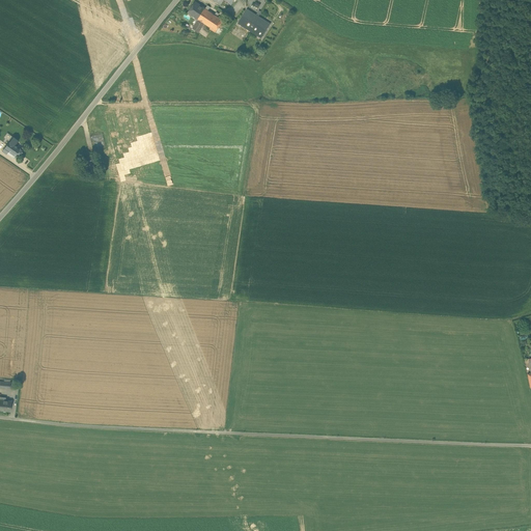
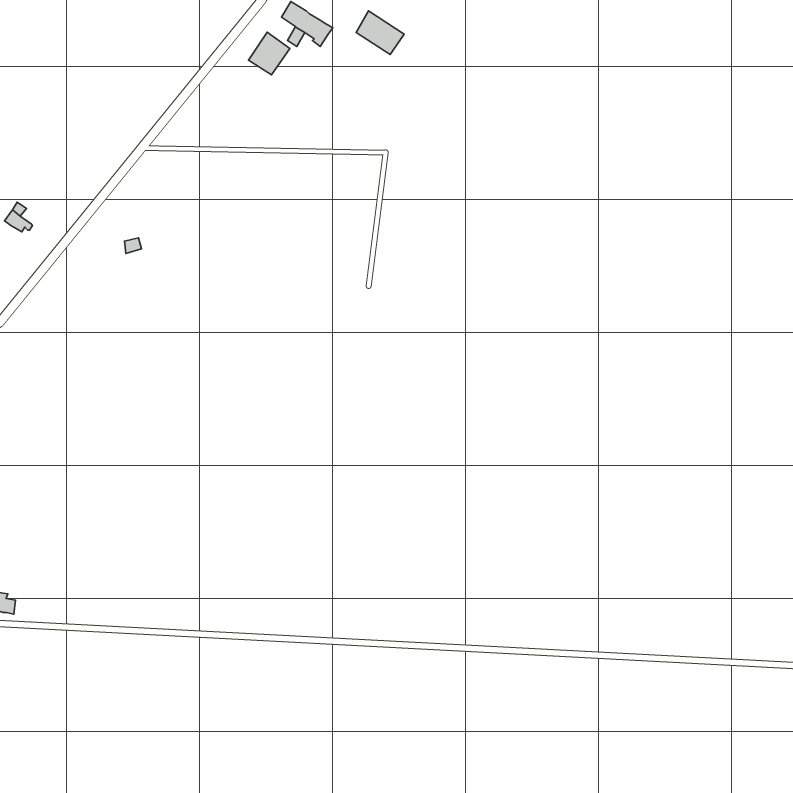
building: none -> [249,32,290,75]

